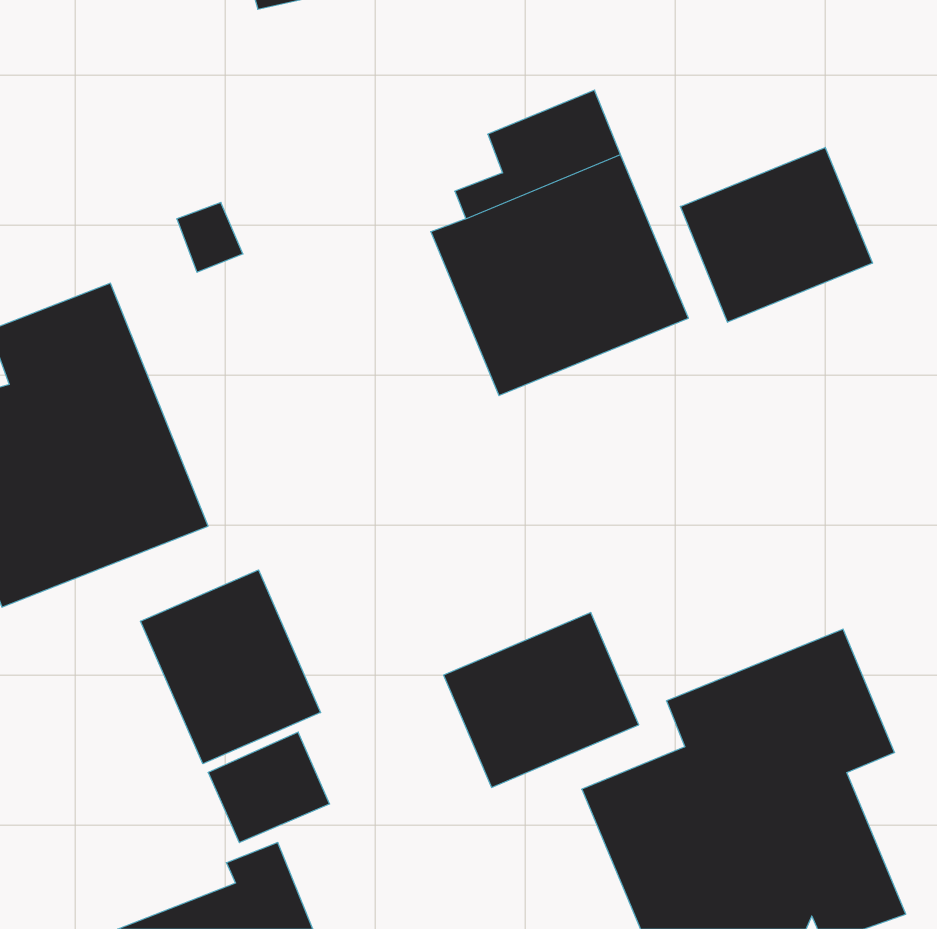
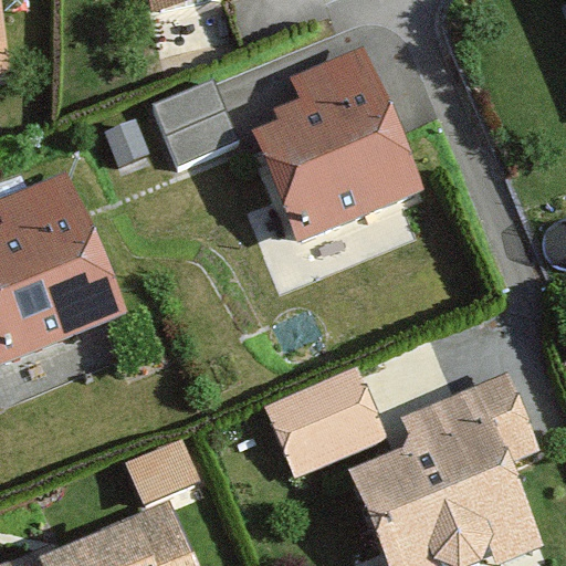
building: none -> [154,83,235,163]
building: [680,147,872,322] -> none
building: [141,570,321,764] -> none

